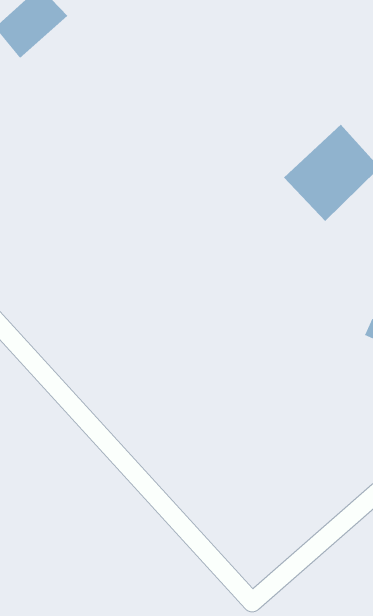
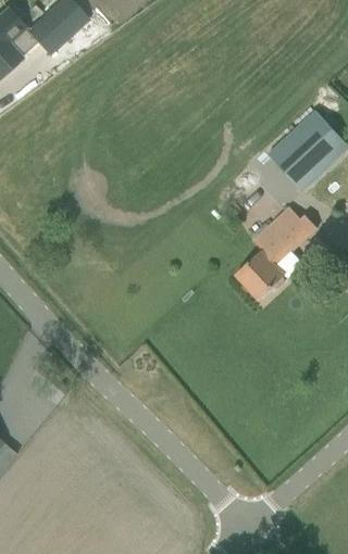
building: none -> [236,207,318,299]

